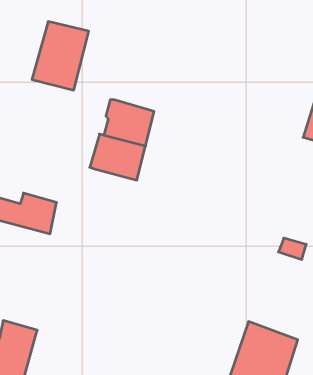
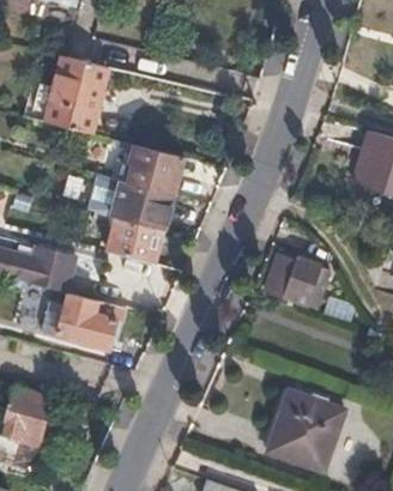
building: none -> [107,218,163,262]
building: none -> [266,247,329,308]
building: none -> [40,292,128,344]

